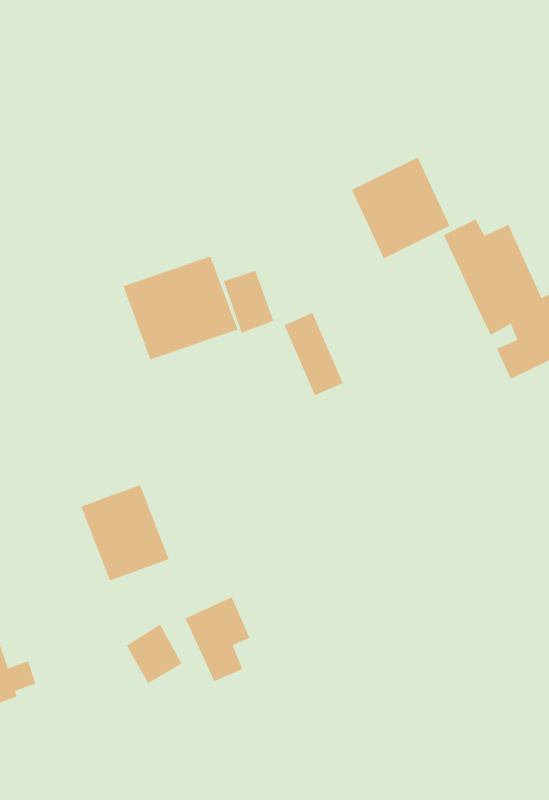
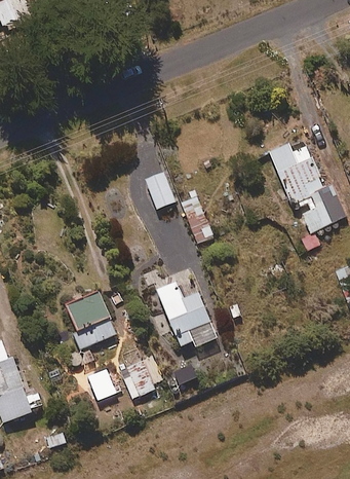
building: [351,157,451,259] -> none
building: [122,255,238,361] -> none
building: none -> [155,282,217,346]

